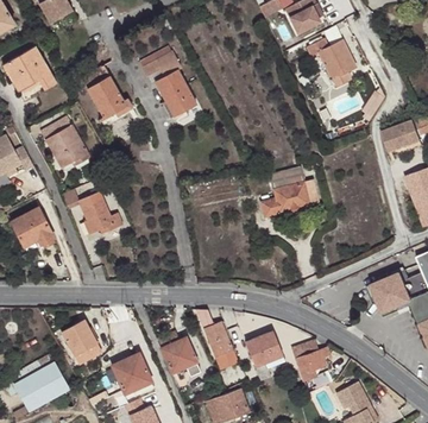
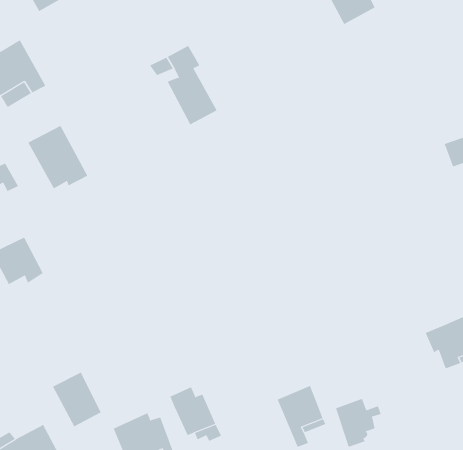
building: [308,38,357,87] -> none
building: [80,65,132,122] -> none
building: [262,168,317,217] -> none
building: [77,191,122,234] -> none
building: [195,309,233,355] -> none

